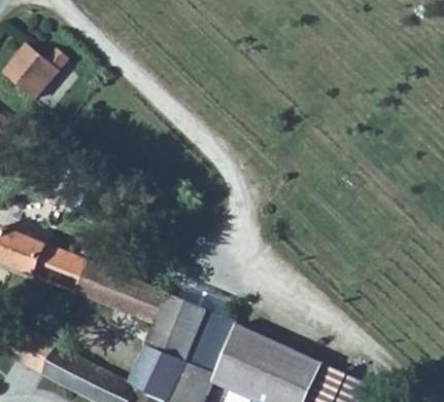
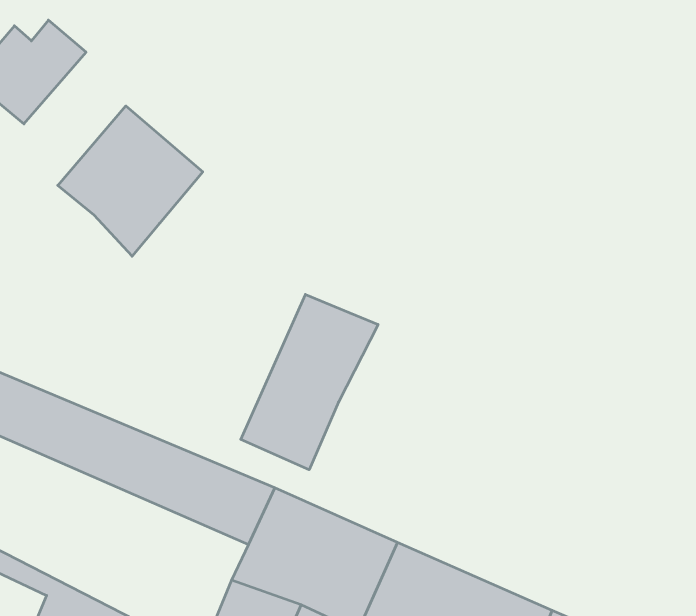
building: none -> [58,106,203,256]
building: none -> [241,294,378,470]

